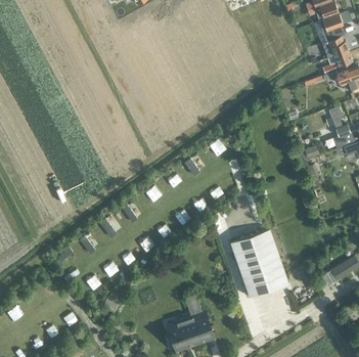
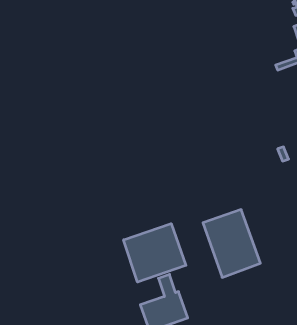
building: none -> [124,224,186,282]

